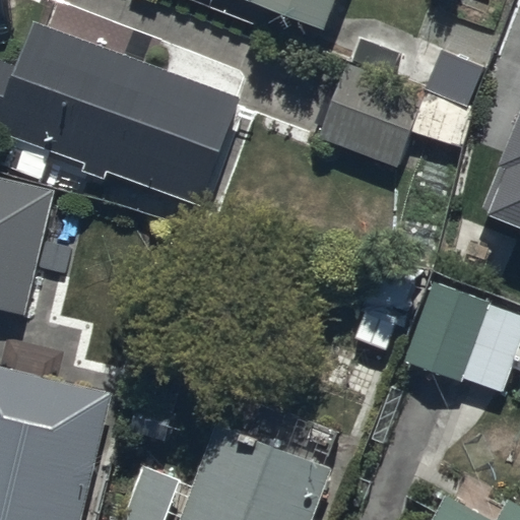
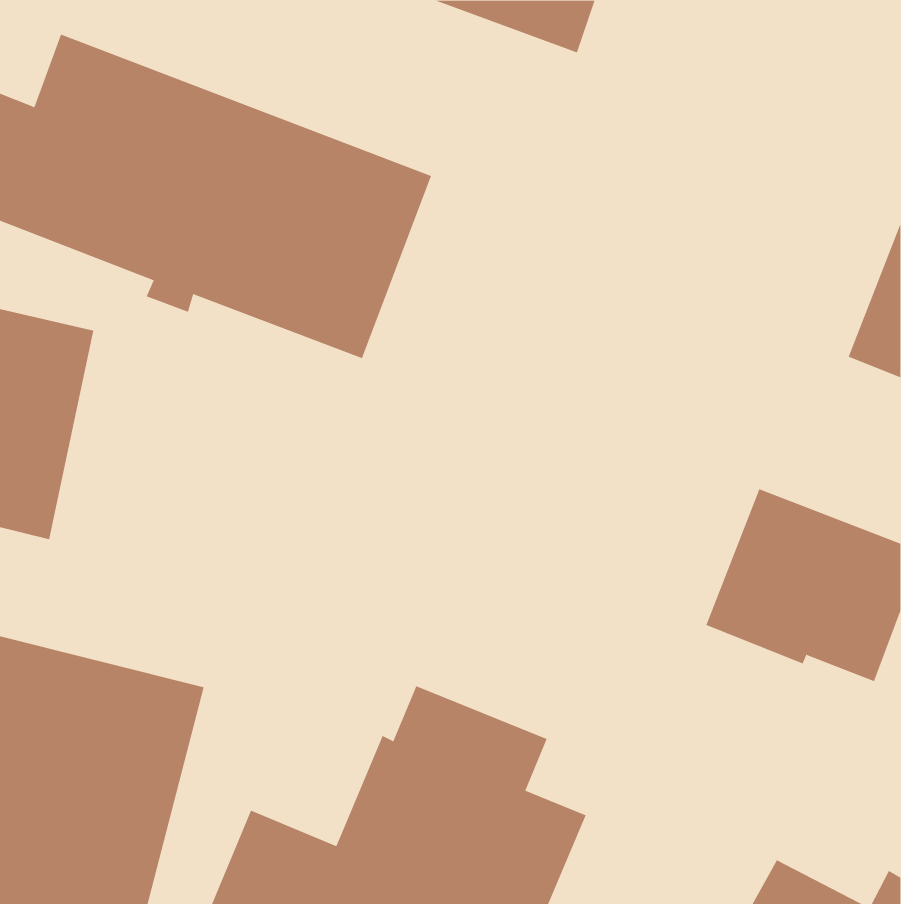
building: [317,65,427,168] -> none

